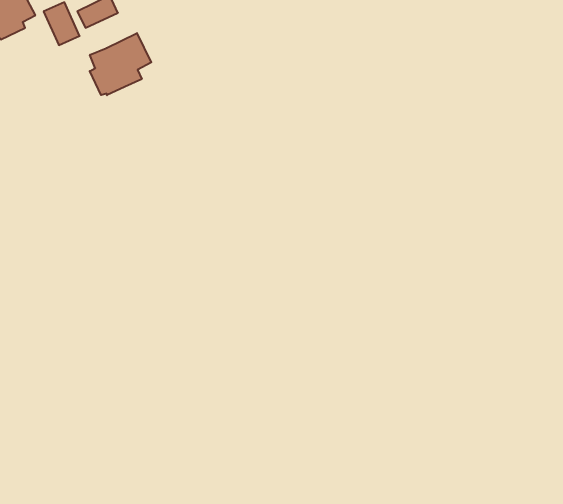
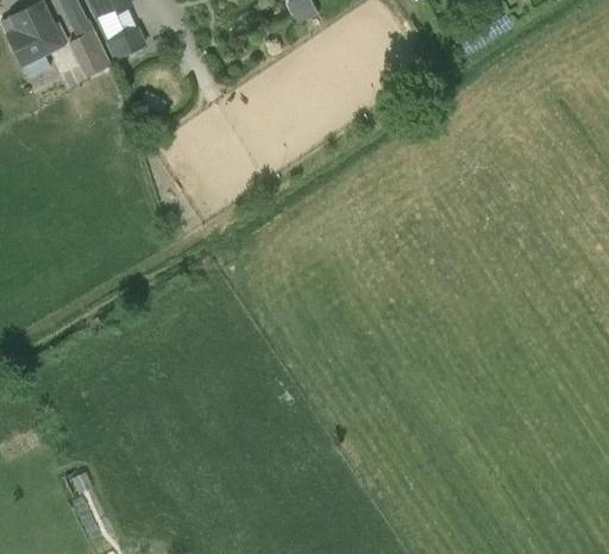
building: [90,33,151,95] -> none

